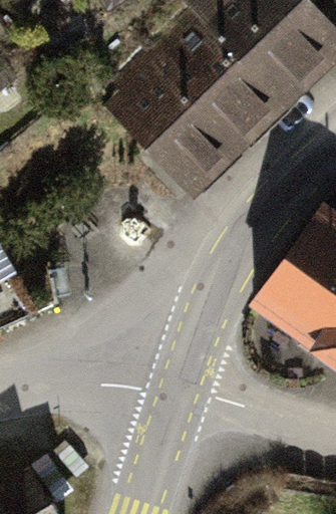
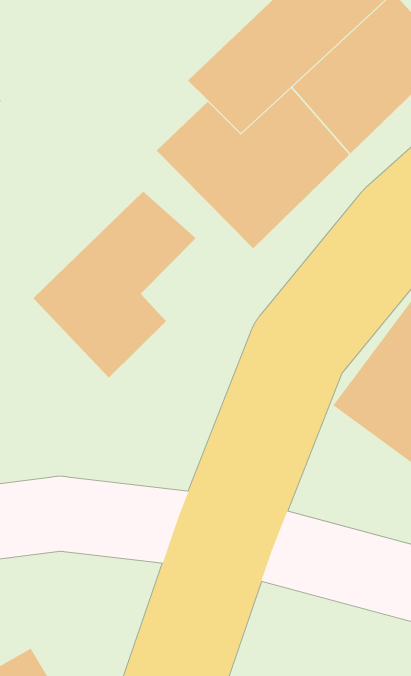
building: none -> [33,191,197,378]

